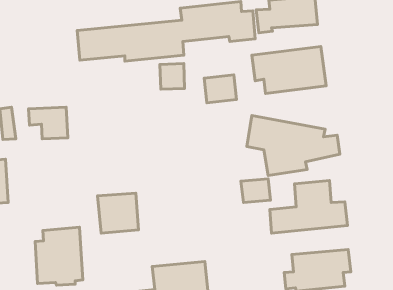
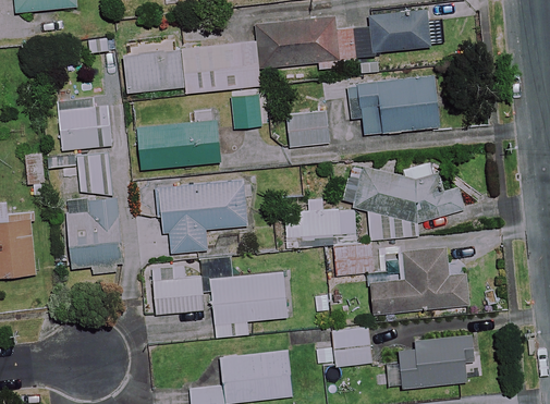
building: none -> [58,105,113,150]
building: none -> [138,121,220,169]
building: none -> [158,181,247,252]
building: none -> [283,208,357,247]
building: none -> [209,271,288,336]
building: [35,227,83,285] -> [64,198,125,272]
building: none -> [316,327,370,367]

